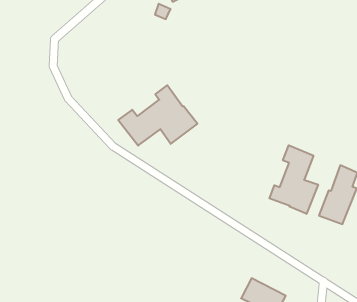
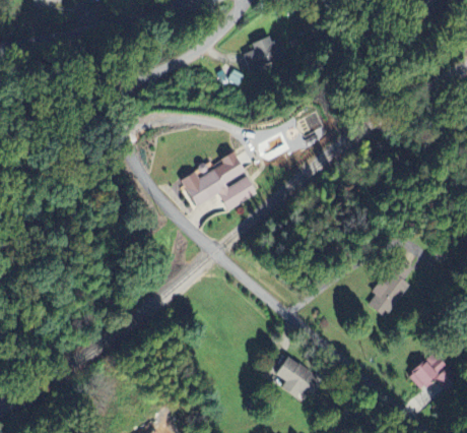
building: [269,145,318,214] -> none

